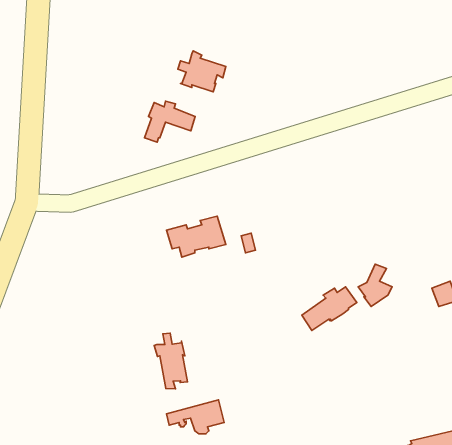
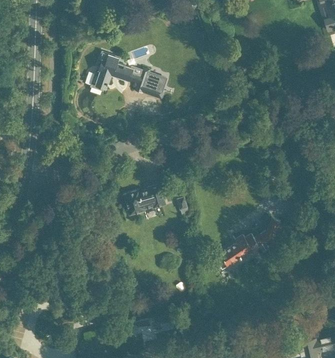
building: [144,101,195,142] -> [97,59,133,88]
building: [154,333,187,389] -> none

